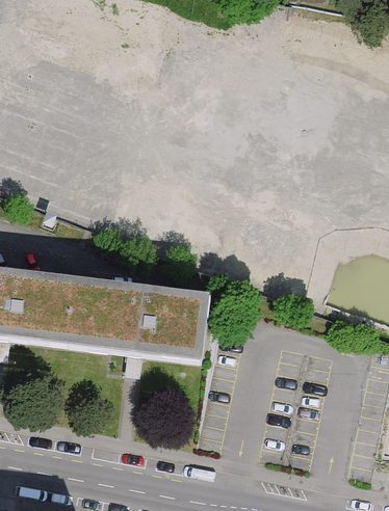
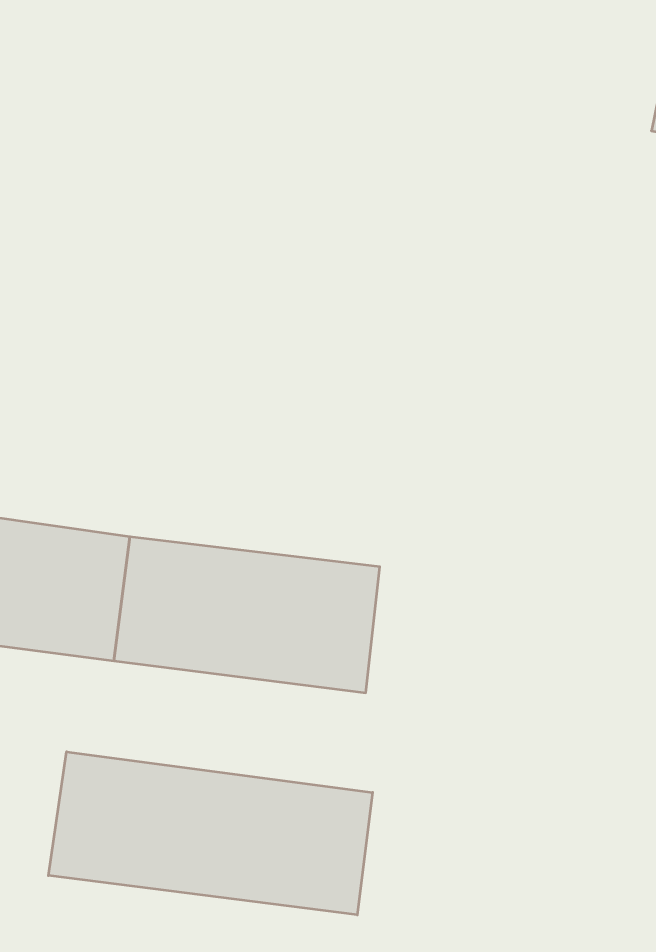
building: none -> [48,752,373,915]

